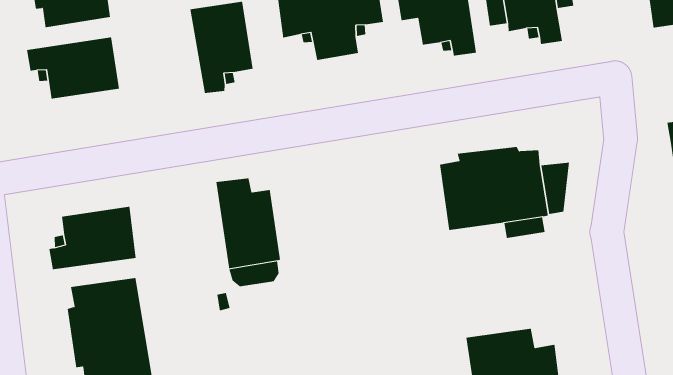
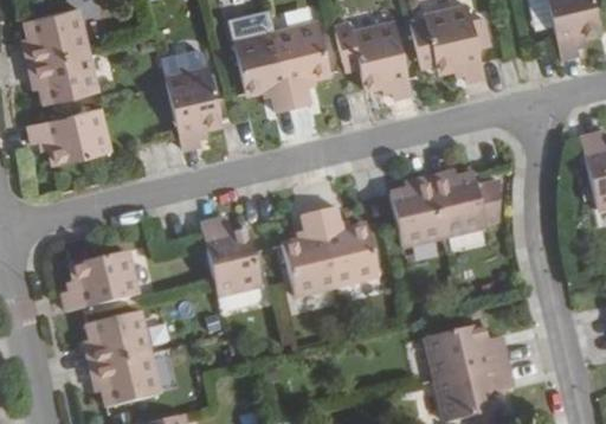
building: none -> [282,205,379,296]

